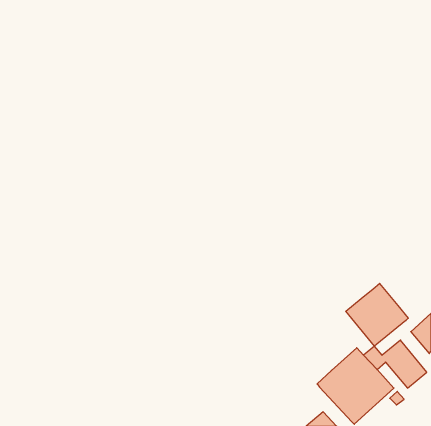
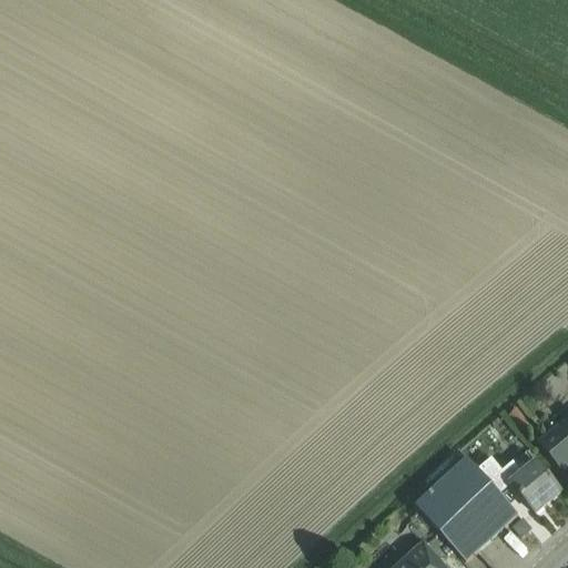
building: [346,283,408,346] -> none

